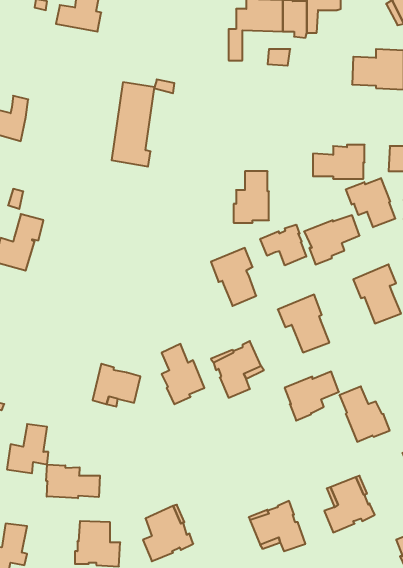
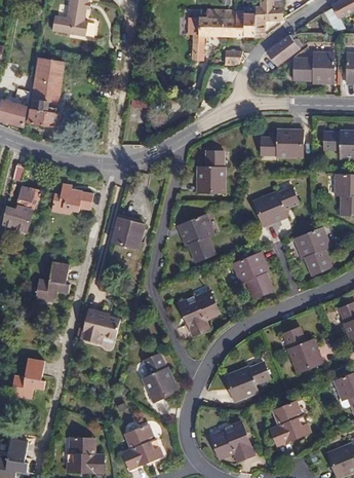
building: none -> [266,34,300,67]
building: [112,82,154,167] -> [29,59,64,127]
building: [346,178,395,227] -> none
building: none -> [51,184,92,214]
building: [260,225,306,265] -> none
building: none -> [112,218,145,249]
building: none -> [35,261,70,302]
building: [162,344,204,404] -> [143,354,178,403]
building: [285,372,339,421] -> [226,362,270,402]
building: [46,464,100,498] -> none

